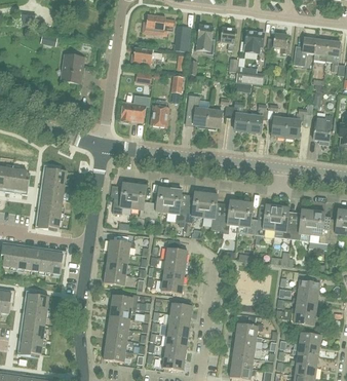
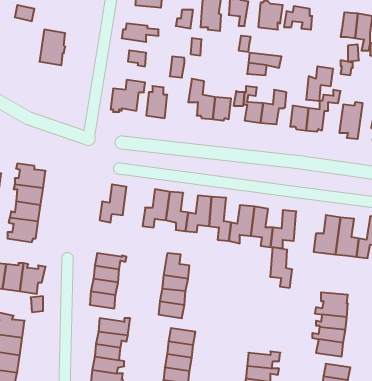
building: [294,36,316,65] -> [306,66,333,101]
building: [131,184,150,217] -> none
building: [274,204,293,238] -> [270,247,292,288]

